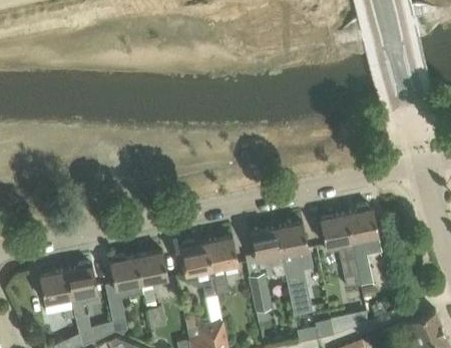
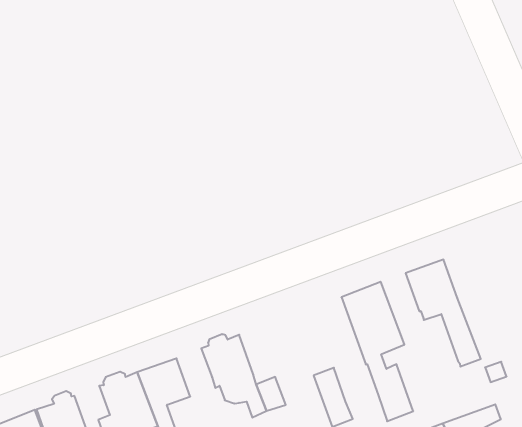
building: [346,206,381,284] -> none
building: [250,230,285,278] -> none
building: [205,238,238,271] -> none

